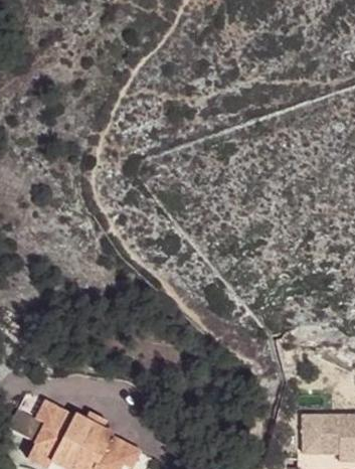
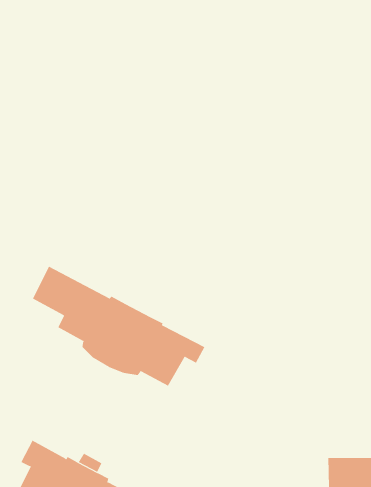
building: none -> [32,266,205,386]

